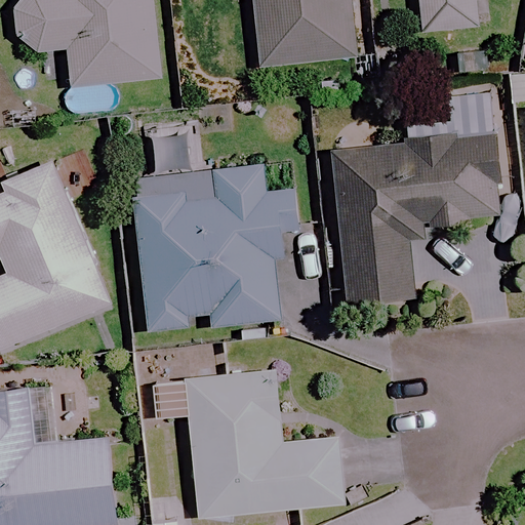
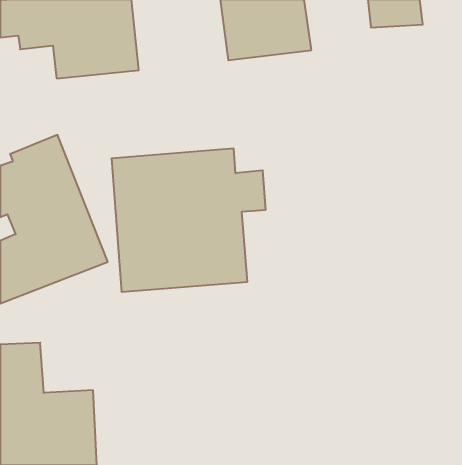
building: [331,135,500,304] -> none
building: [183,369,346,517] -> none

